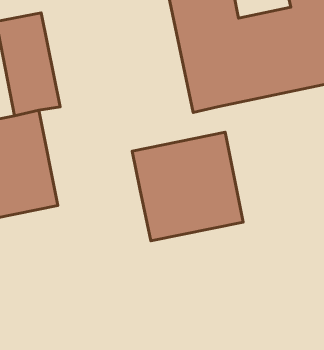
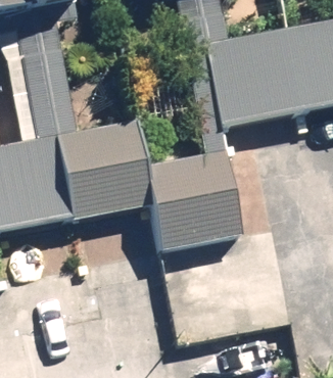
building: none -> [56,115,149,218]

